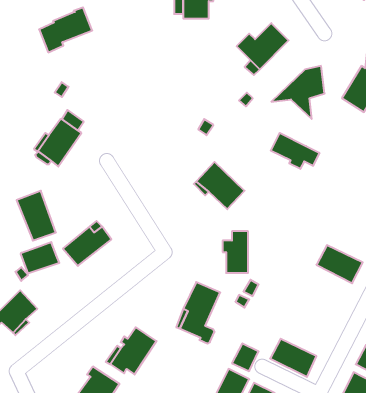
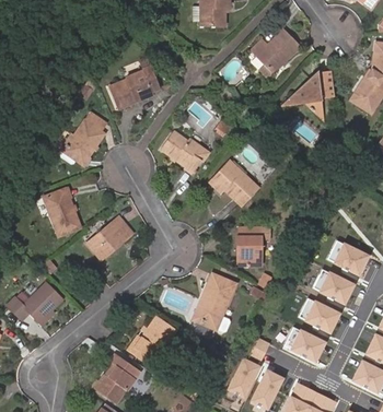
building: [39,7,92,52] -> [109,66,160,108]
building: none -> [161,131,206,173]
building: [271,133,319,169] -> none
building: [21,242,59,274] -> none
building: none -> [314,270,358,306]
building: none -> [298,296,341,332]

